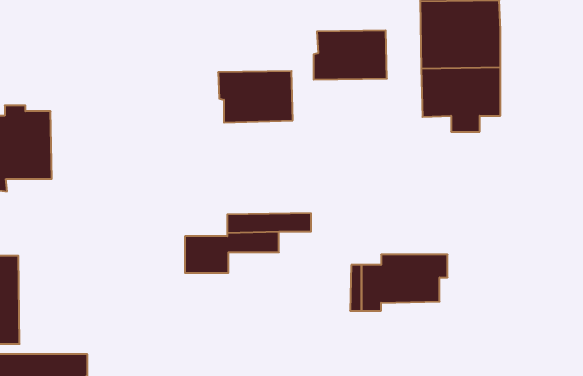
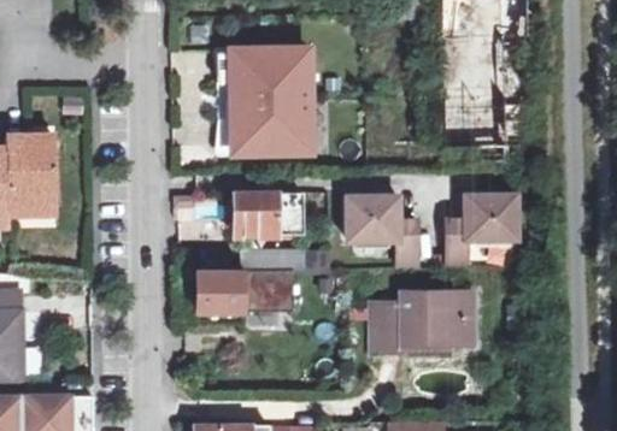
building: [314,30,387,80] -> [230,48,307,100]
building: none -> [234,193,300,234]
building: none -> [445,196,515,266]
building: none -> [345,197,416,266]

